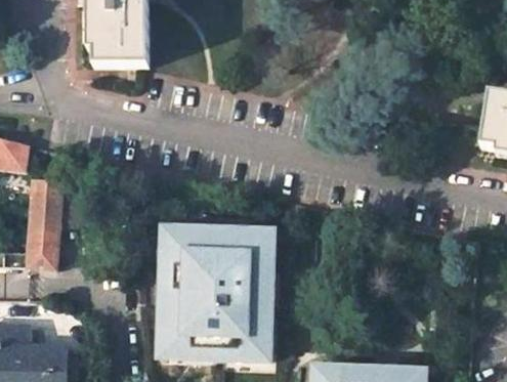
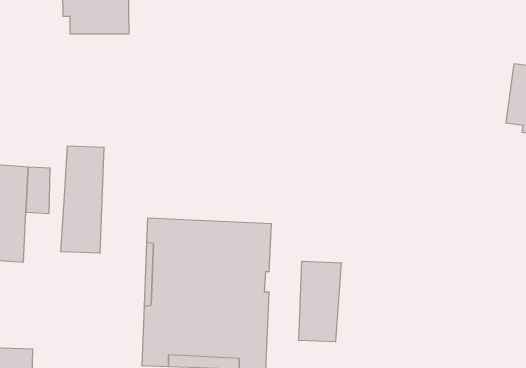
building: none -> [61,146,104,253]
building: none -> [299,261,341,342]

